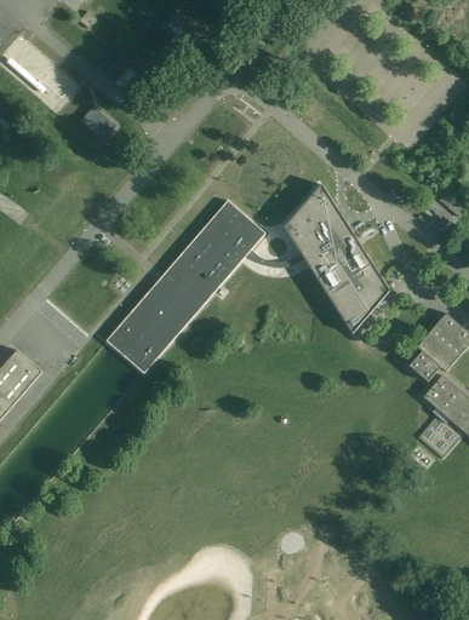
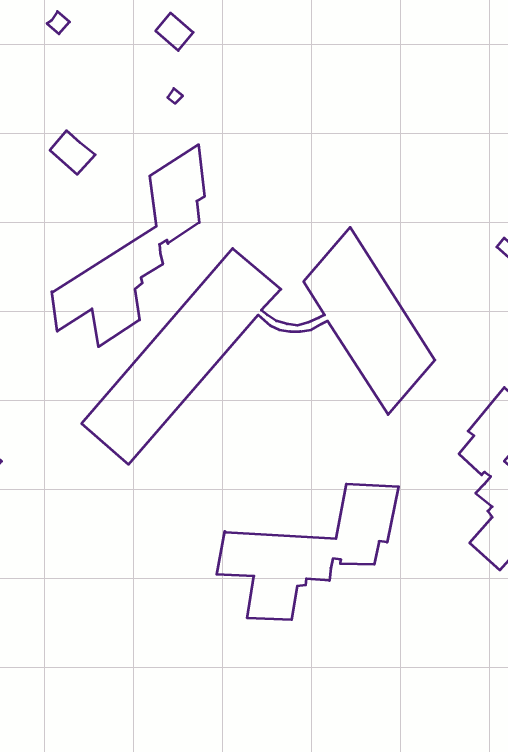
building: none -> [52,145,204,347]
building: none -> [217,484,399,620]

